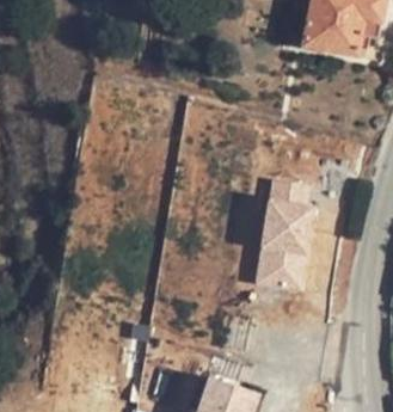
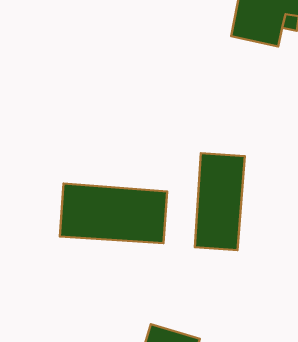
building: none -> [60,184,167,243]

